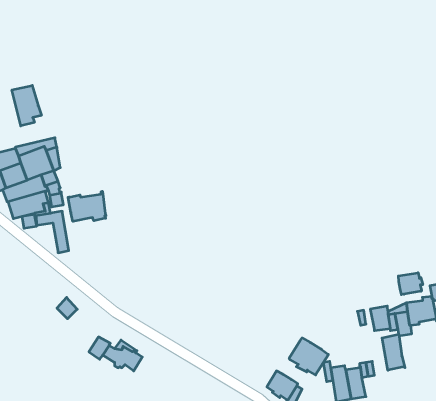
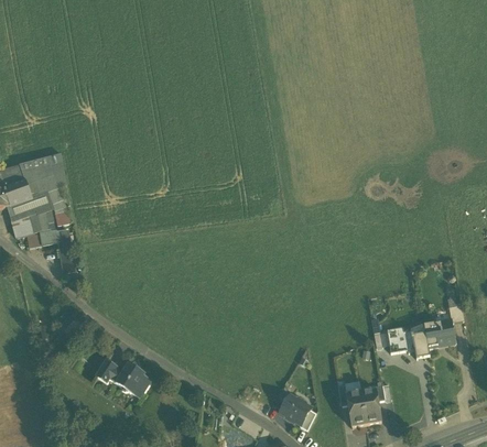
building: [12,85,41,126] -> none
building: [68,191,106,221] -> none
building: [398,273,423,295] -> none
building: [382,334,405,370] -> none
building: [289,338,328,375] -> none

